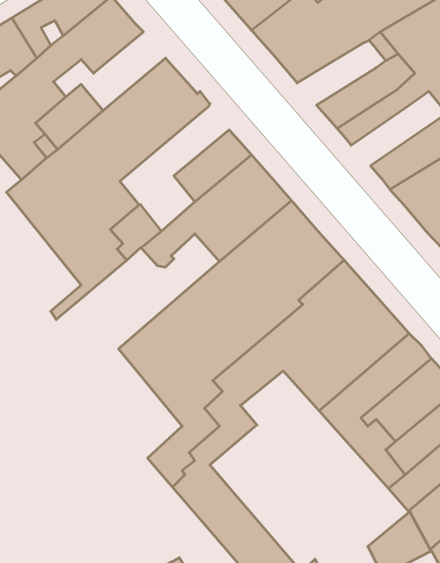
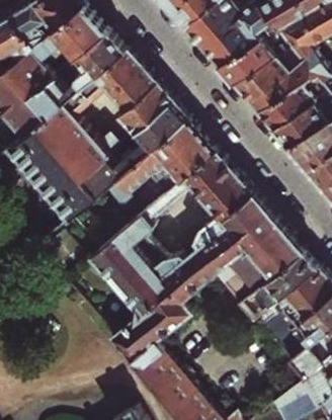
building: none -> [66,27,123,85]
building: none -> [220,35,277,81]
building: none -> [259,81,316,125]
building: none -> [90,82,170,154]

